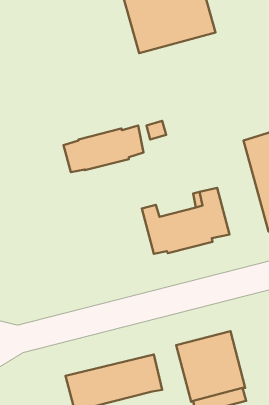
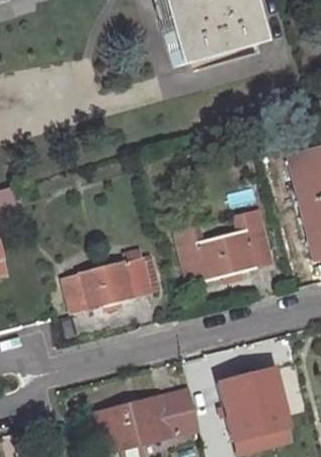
building: [63,126,144,172] -> [65,258,152,308]

